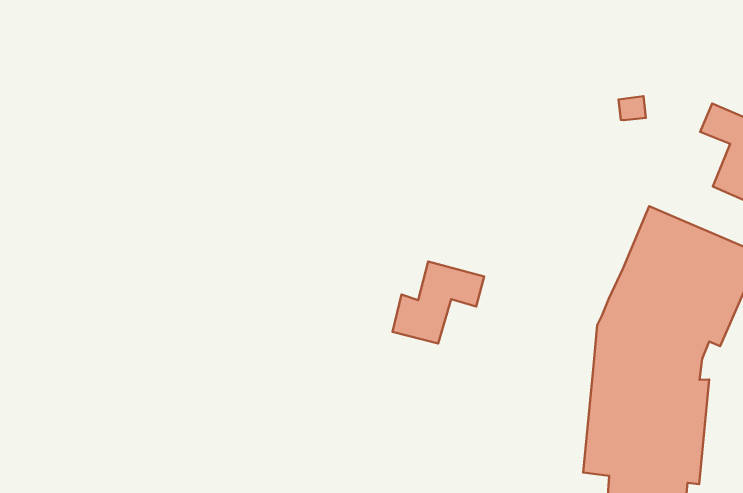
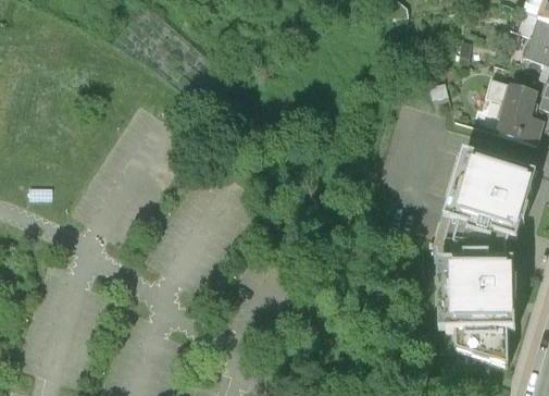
building: [392,262,484,344] -> none

